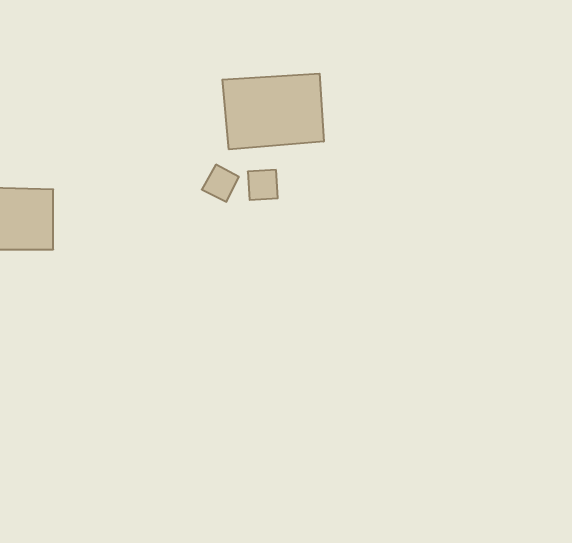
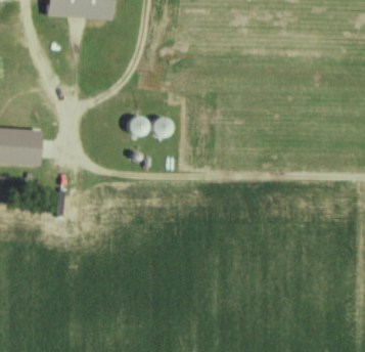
building: [222,74,324,149] -> none

